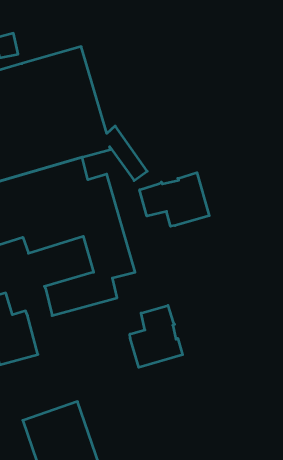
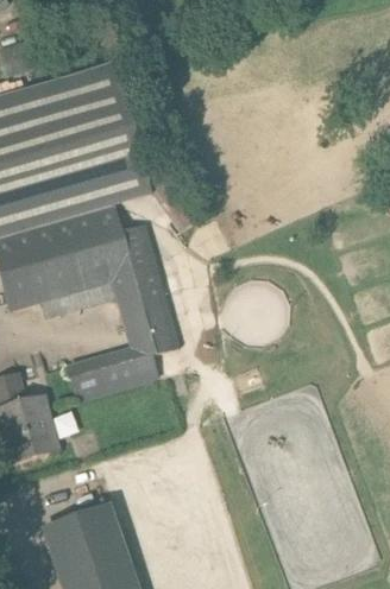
building: [140,173,209,226] -> none
building: [130,305,183,367] -> none

